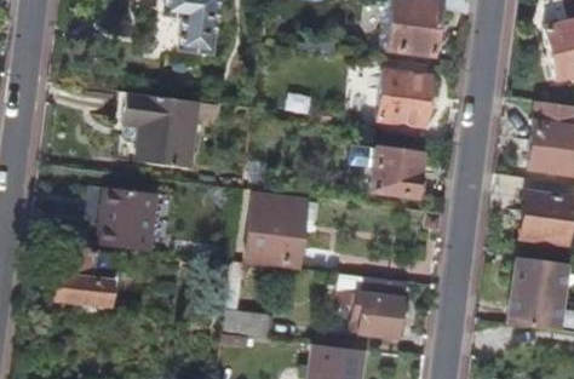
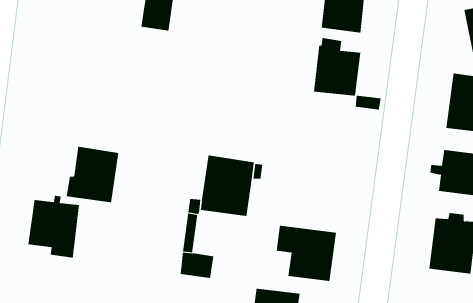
building: [124,91,199,167] -> none
building: [374,151,424,196] -> none

